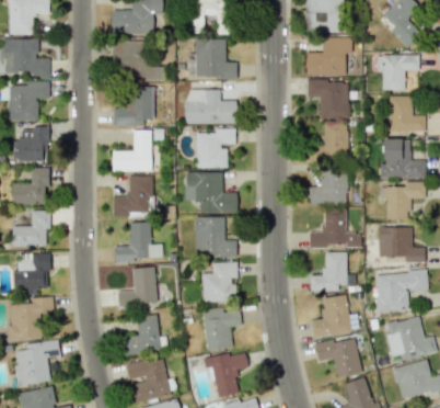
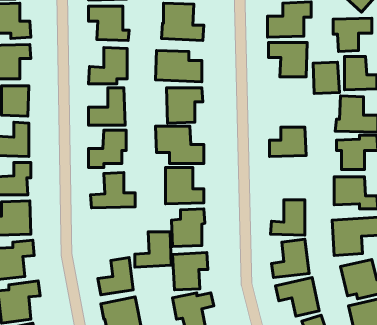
building: [321,123,349,157] -> [313,62,339,94]
building: [309,207,347,246] -> none
building: [118,267,158,305] -> [135,232,171,267]

